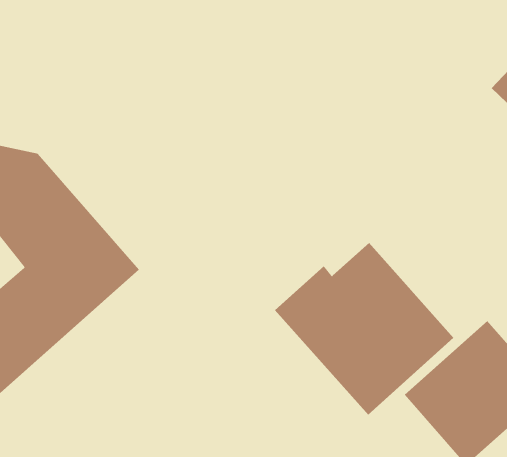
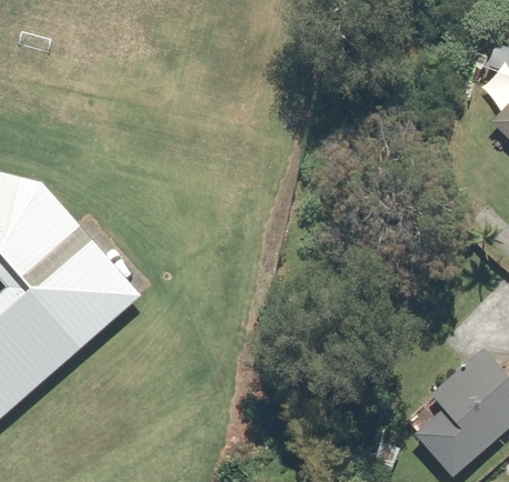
building: [274,242,454,416] -> none

